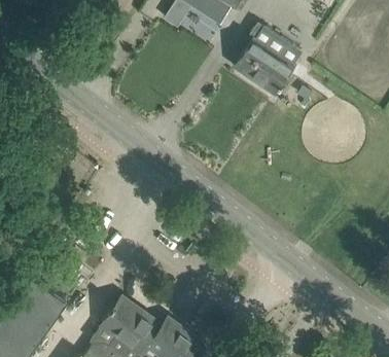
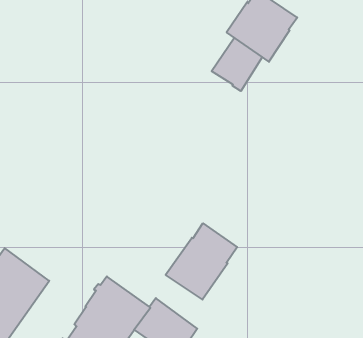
building: none -> [212,38,262,91]
building: none -> [166,223,237,300]

